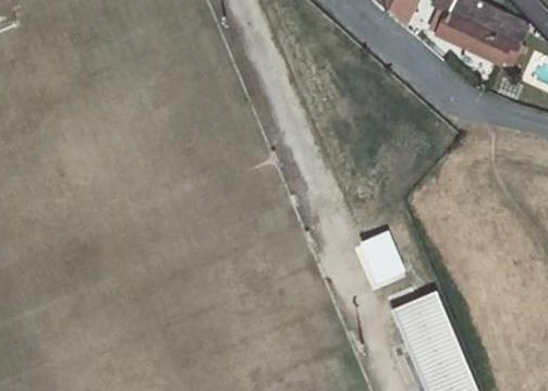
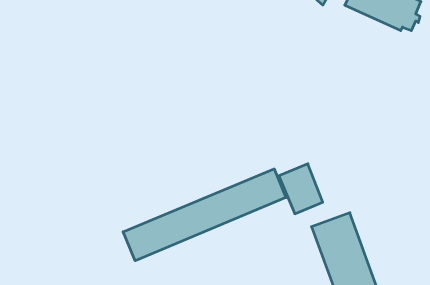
building: none -> [123,169,286,261]

